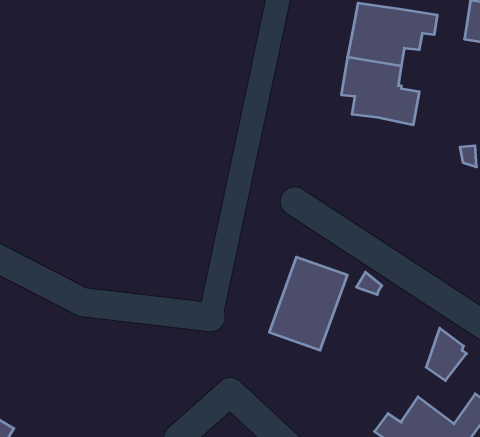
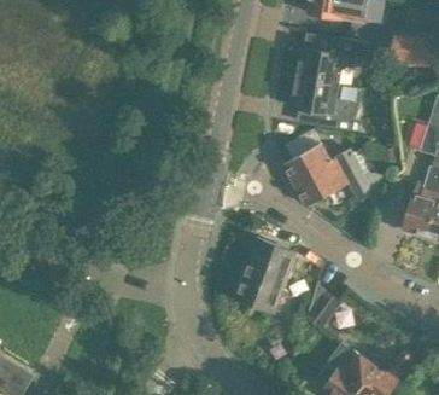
building: none -> [283,144,385,207]
building: [426,328,467,381] -> [306,286,339,329]

